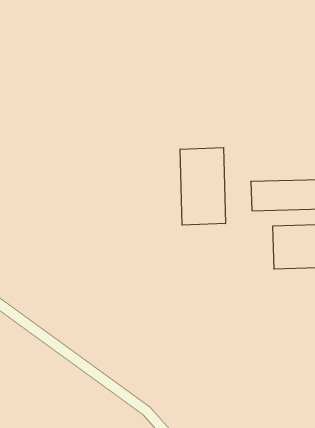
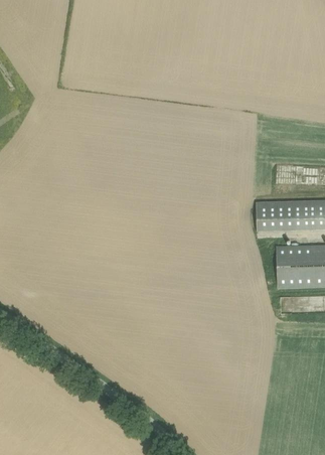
building: [180,148,225,225] -> none

